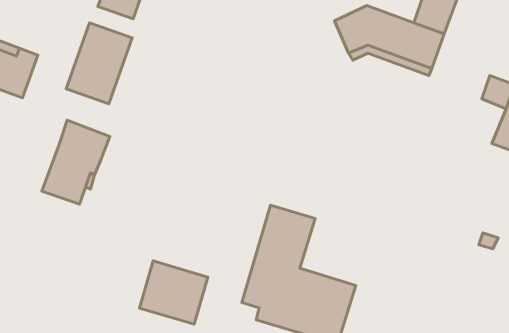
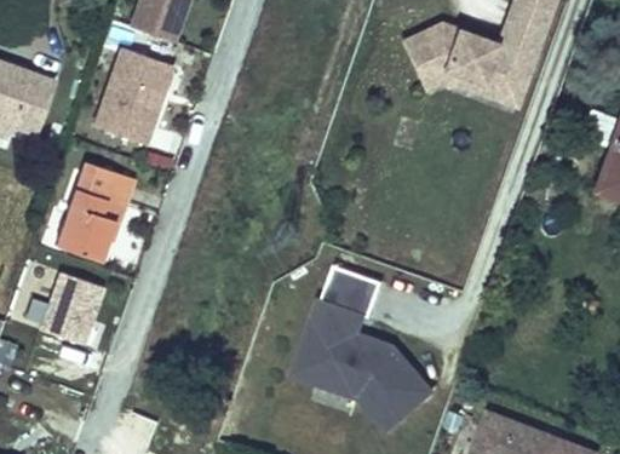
building: none -> [39,269,107,344]
building: [139,261,208,324] -> none

